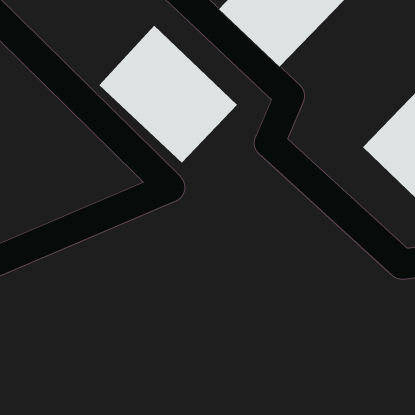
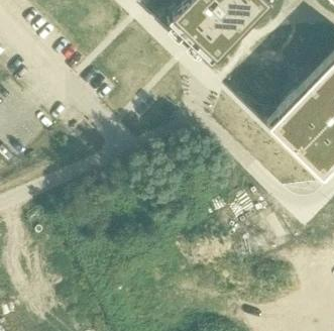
building: [99,25,238,164] -> none

